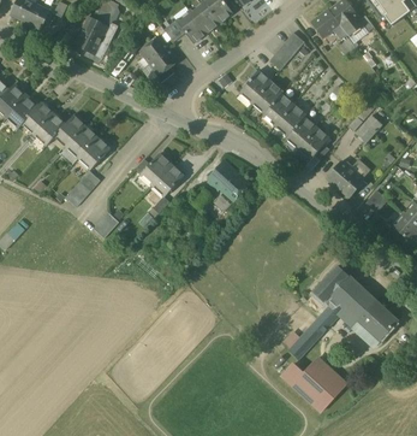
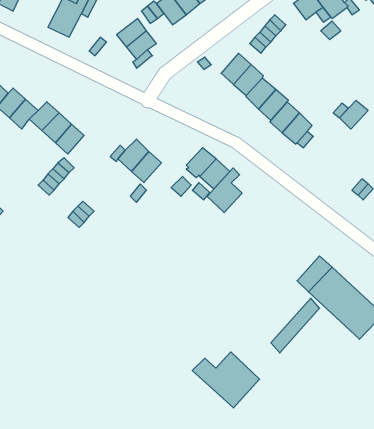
building: [327,160,363,196] -> none
building: none -> [207,168,242,213]
building: [280,357,345,411] -> [192,352,260,408]

